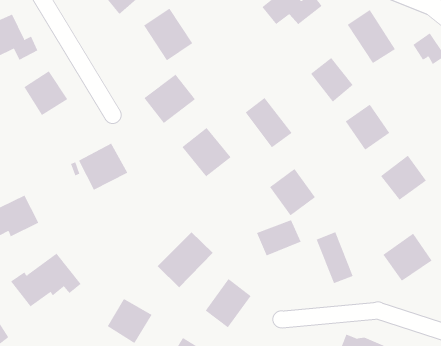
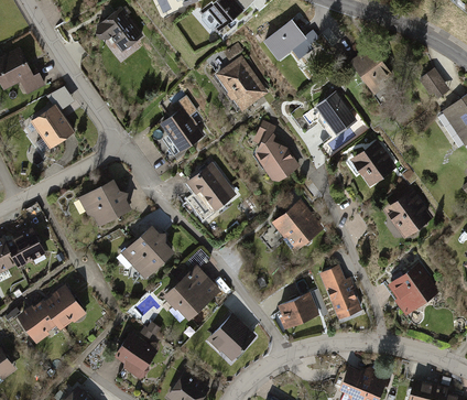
building: [143,8,193,61] -> [216,56,265,109]
building: none -> [122,223,180,280]
building: [256,219,302,256] -> [276,292,322,328]

